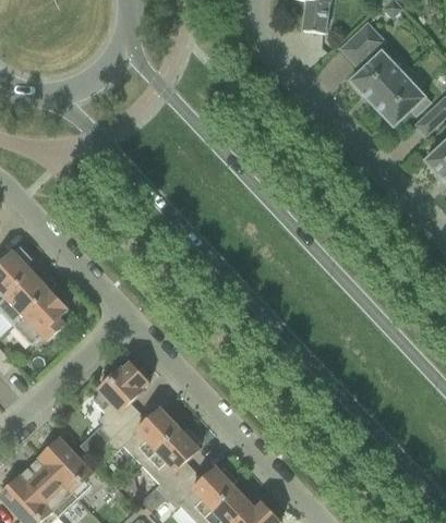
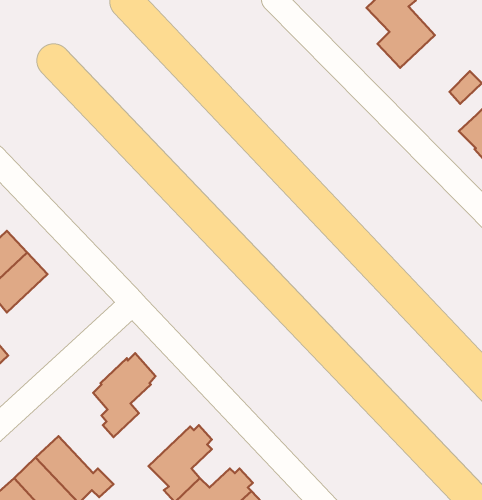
building: [371,65,430,125] -> none
building: [13,289,69,343] -> none
building: [103,406,180,463] -> none

